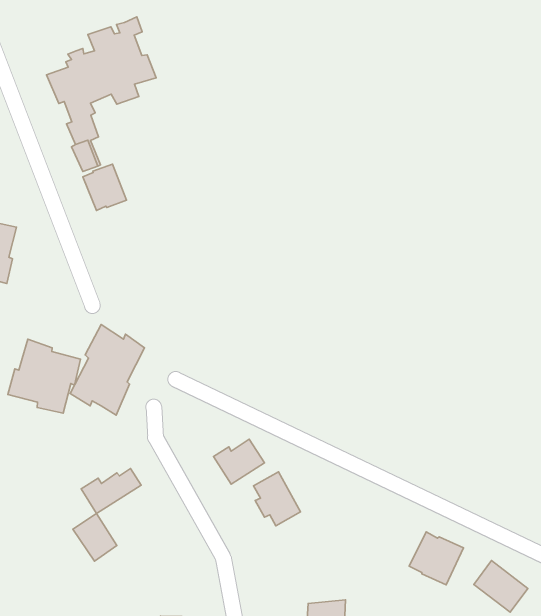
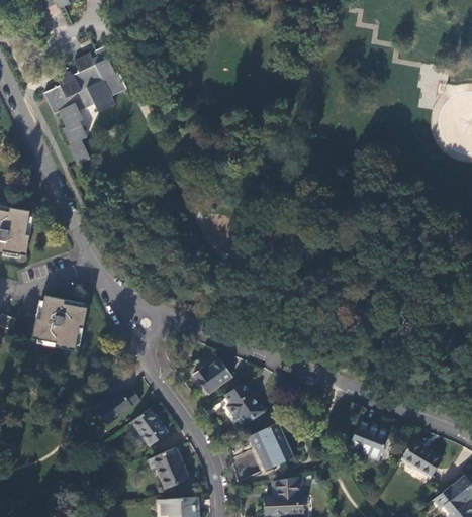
building: [83,164,126,211] -> none
building: [70,324,144,415] -> none
building: [73,514,117,561] -> [131,409,166,445]
building: none -> [249,423,294,471]
building: none -> [154,448,188,487]

